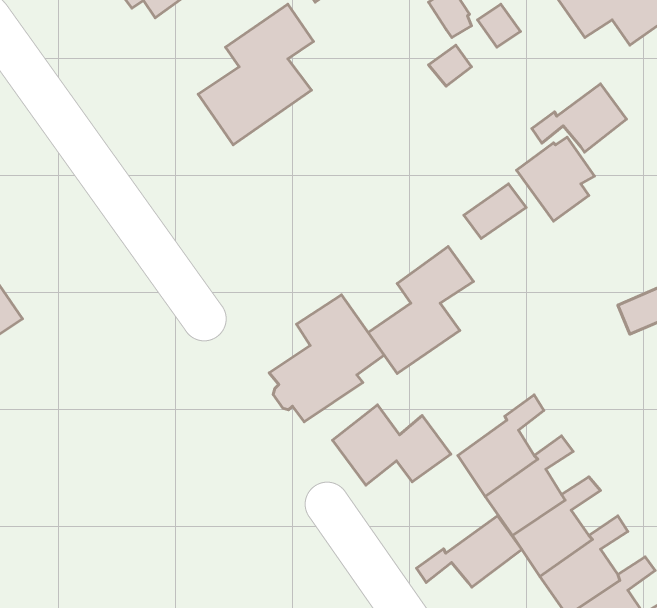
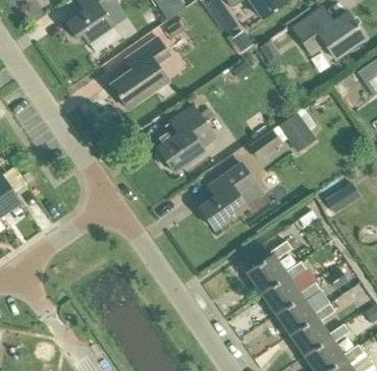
building: [532,84,627,152] -> none
building: [269,295,384,422] -> [158,106,218,172]
building: [333,405,451,485] -> none
building: [417,516,522,587] -> none

